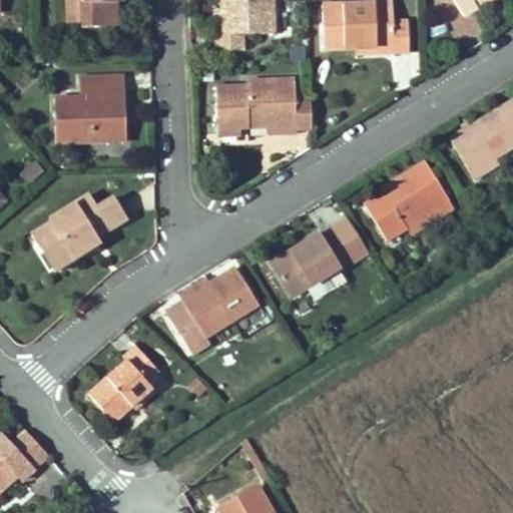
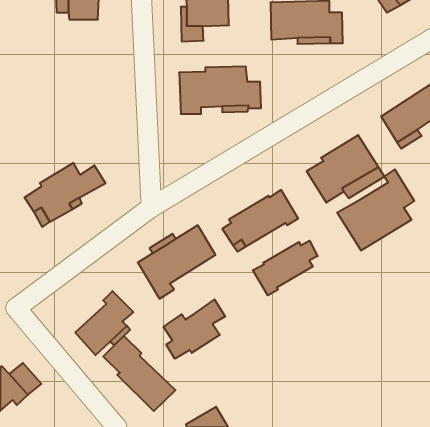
building: [56,73,128,140] -> none
building: none -> [337,169,414,251]
building: none -> [253,241,318,295]
building: none -> [164,299,225,359]
building: none -> [103,336,175,411]

